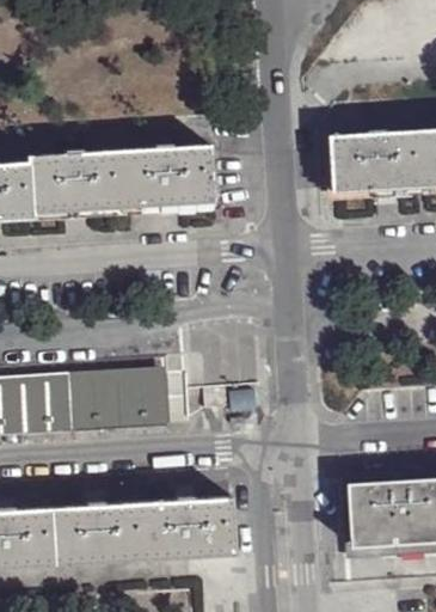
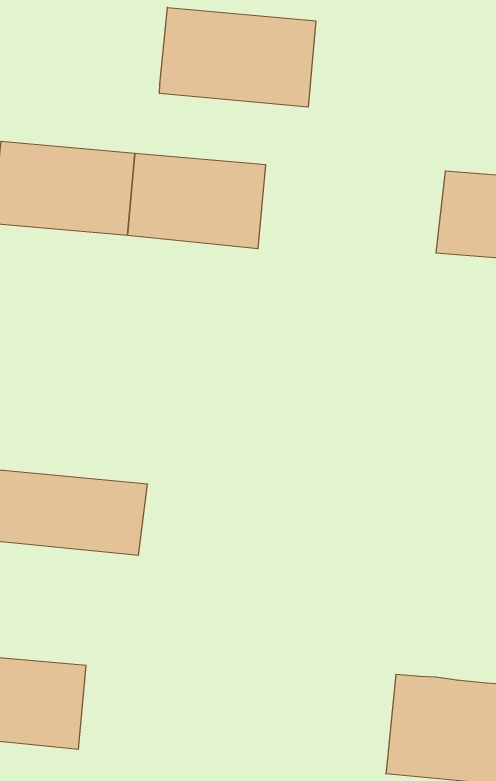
building: none -> [160,7,316,107]
building: [142,501,237,563] -> none

